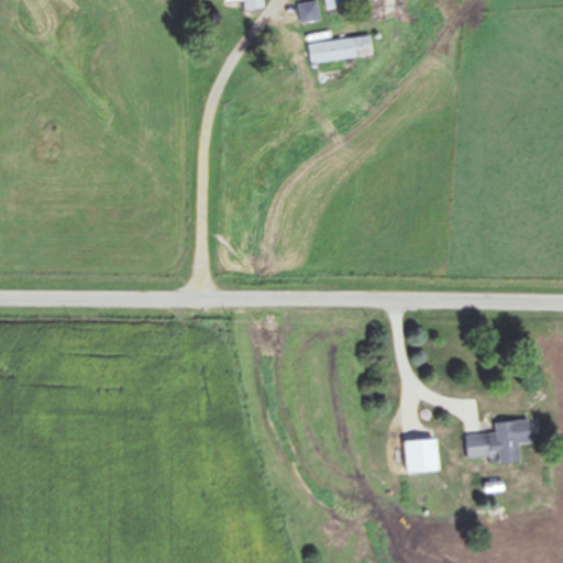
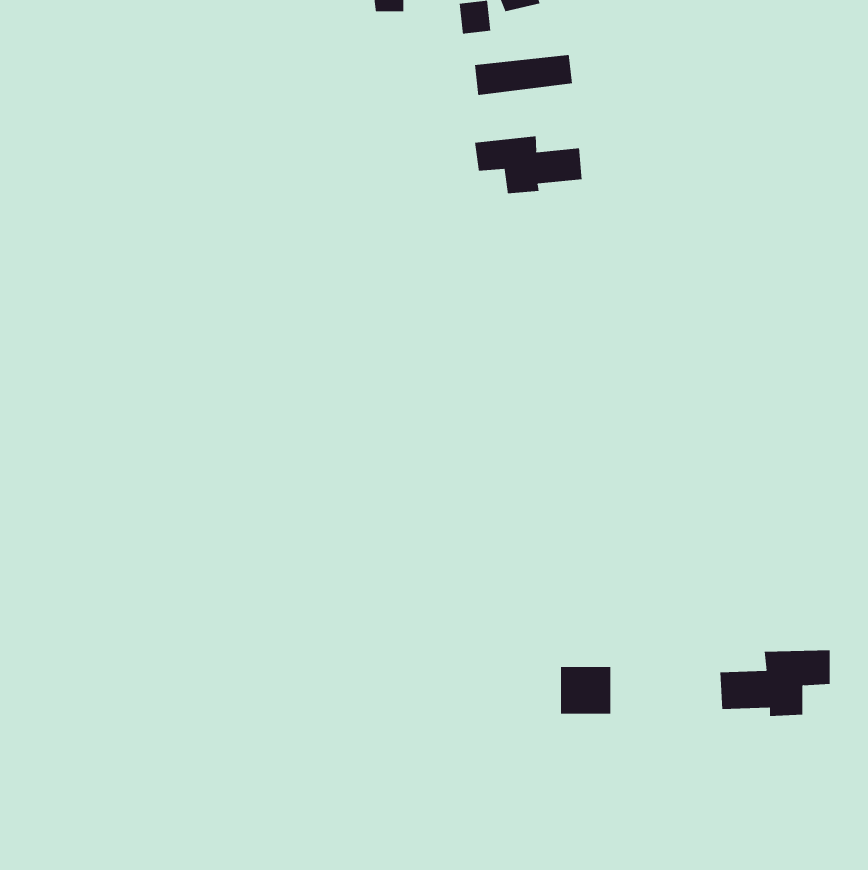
building: none -> [475,135,582,194]
building: [405,439,438,470] -> [560,666,611,714]

